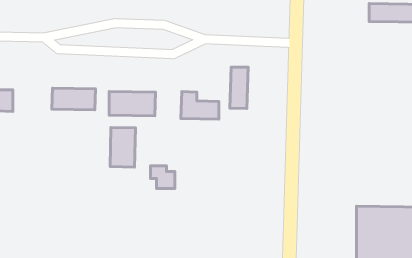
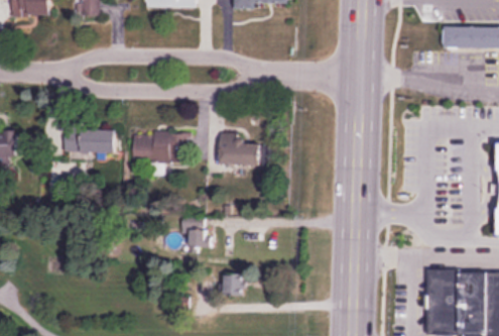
building: [230,67,248,108] -> none
building: [110,128,135,167] -> none
building: none -> [225,272,242,294]

